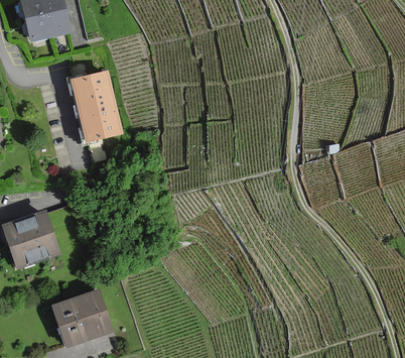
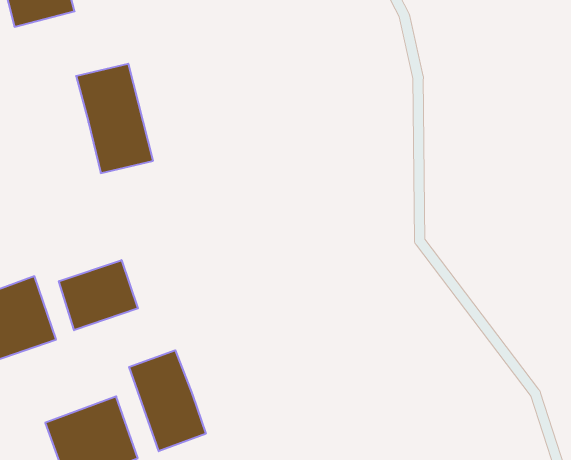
building: none -> [59,260,138,330]
building: none -> [129,350,206,451]

